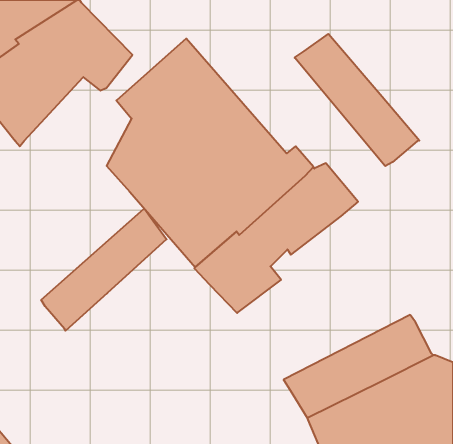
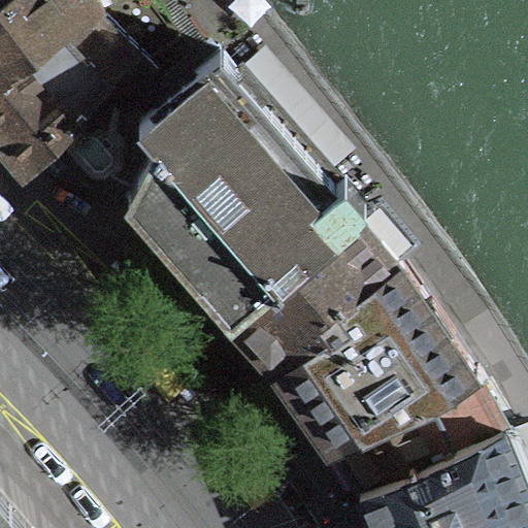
building: [295,34,419,166] -> none
building: [41,209,167,331] -> none
building: none -> [274,264,472,453]

